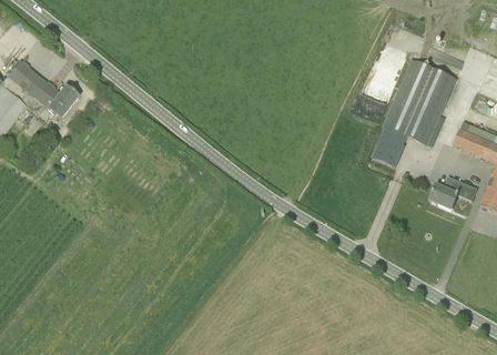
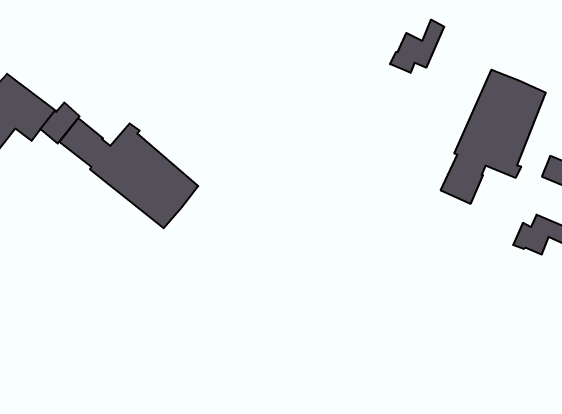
building: none -> [390,20,444,73]
building: none -> [59,118,198,228]

